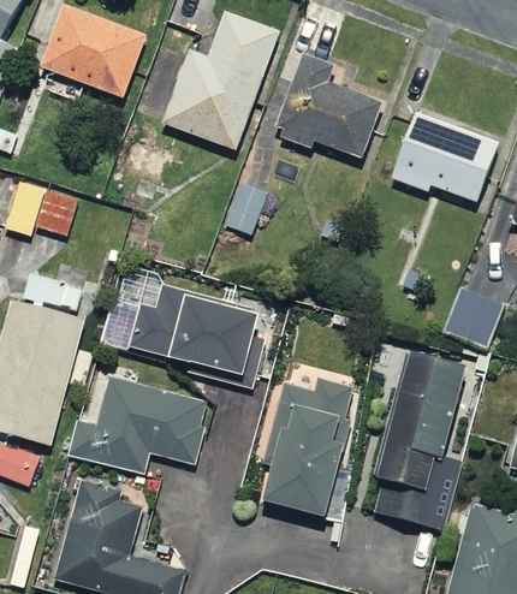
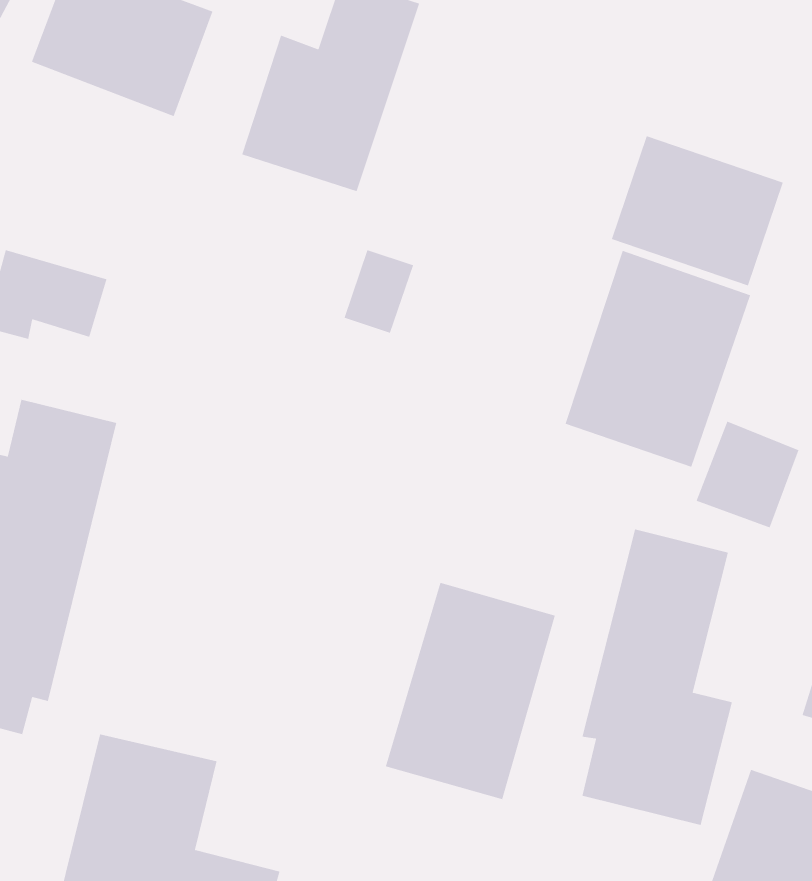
building: [275,58,381,162] -> none
building: none -> [565,250,751,468]
building: [132,285,289,393] -> none
building: [69,373,210,471] -> none

